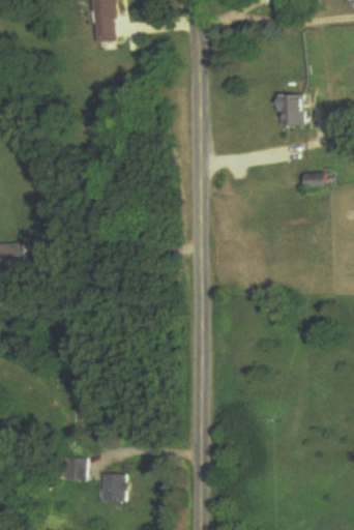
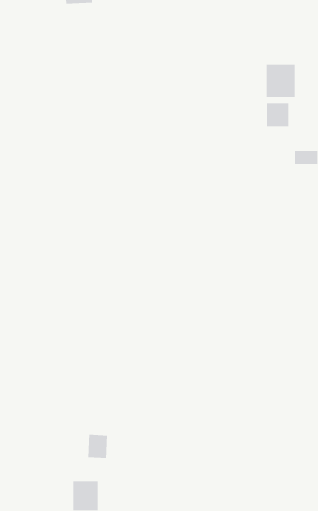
building: none -> [266,102,289,127]
building: [64,457,83,479] -> [88,434,108,459]

